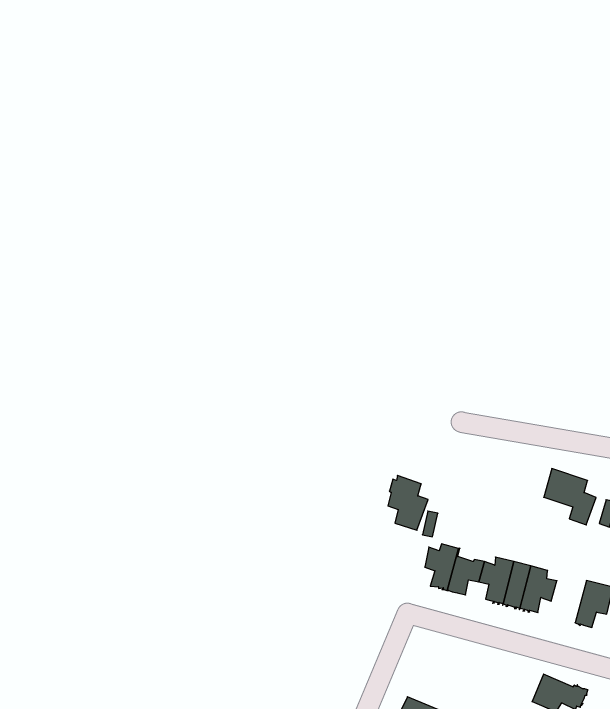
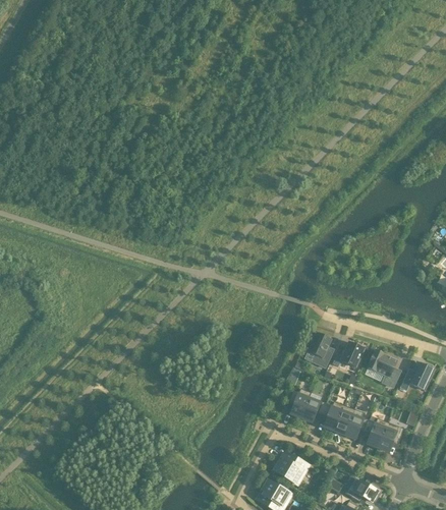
building: none -> [332,342,364,367]
building: [388,475,428,530] -> [309,333,334,369]
building: none -> [365,418,388,448]
building: none -> [274,454,309,485]

